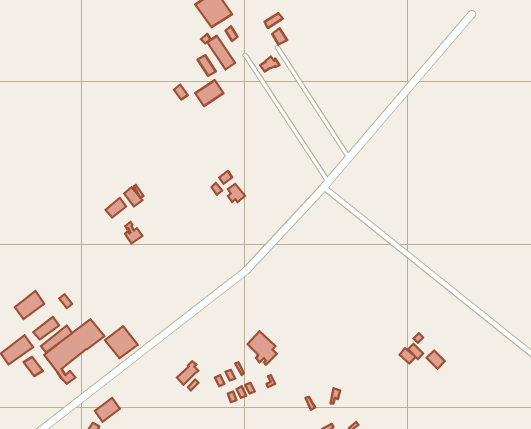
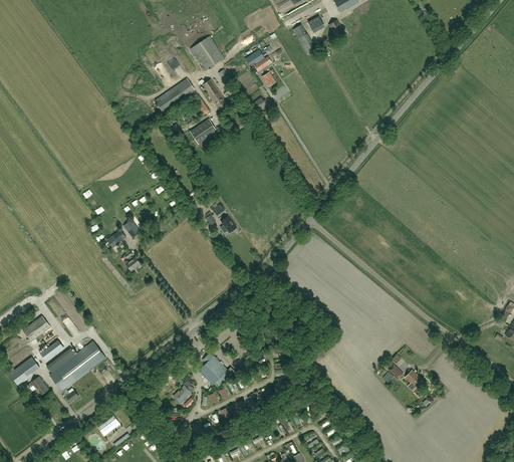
building: none -> [155,78,195,110]
building: [105,326,138,358] -> none
building: [248,331,277,365] -> [201,356,228,387]

